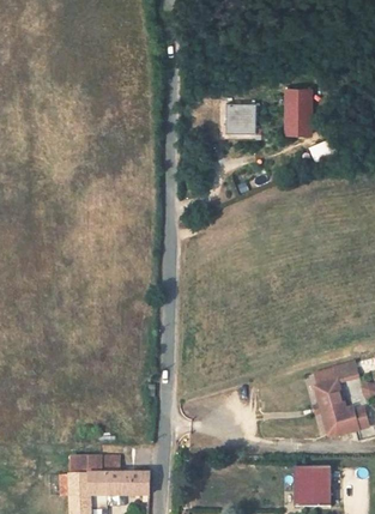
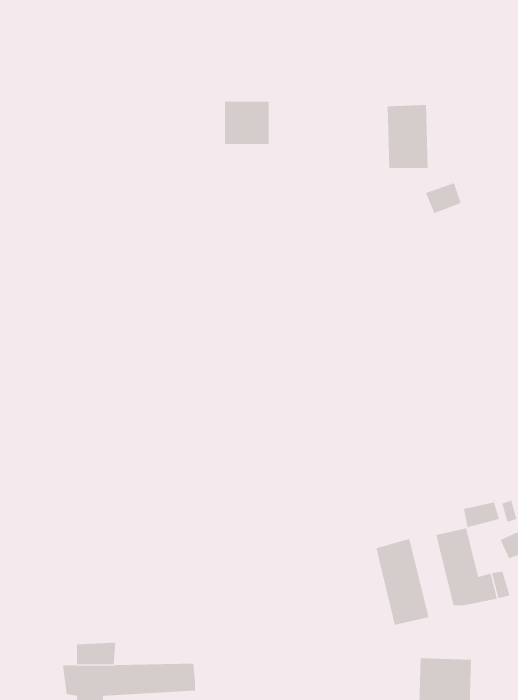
building: [223,104,254,134] -> [224,101,269,145]
building: none -> [376,538,429,625]

